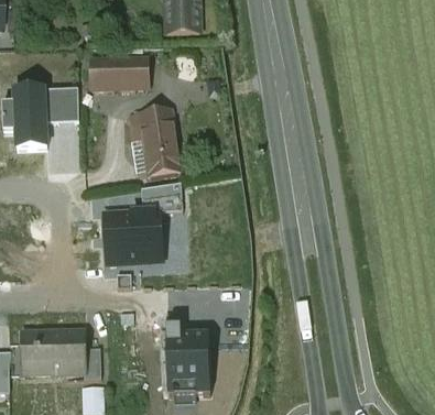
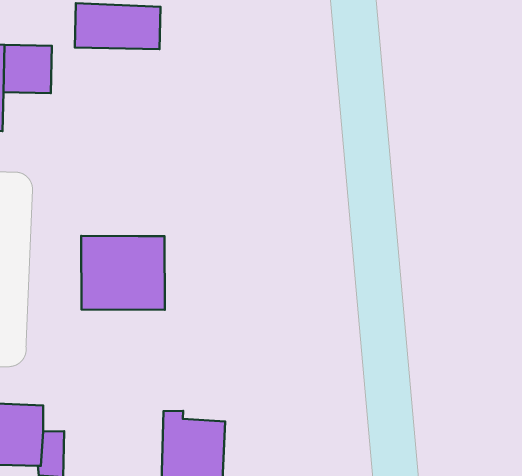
building: [131,108,181,173] -> none
building: [141,182,182,211] -> none

